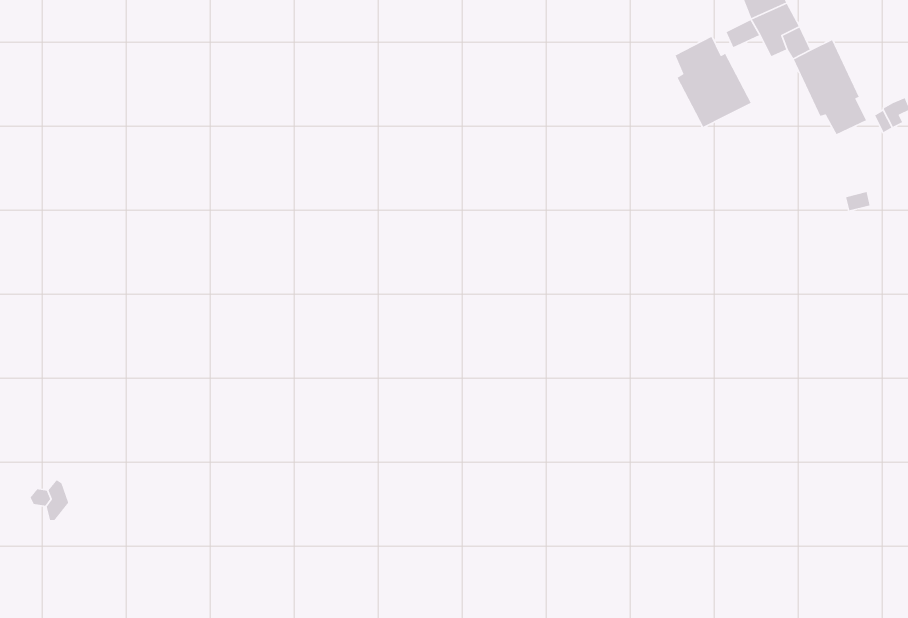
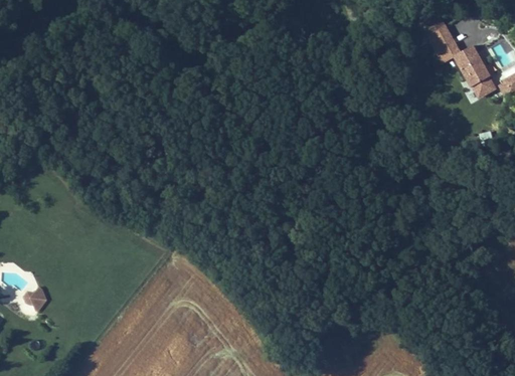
building: [675,36,752,128] -> none

